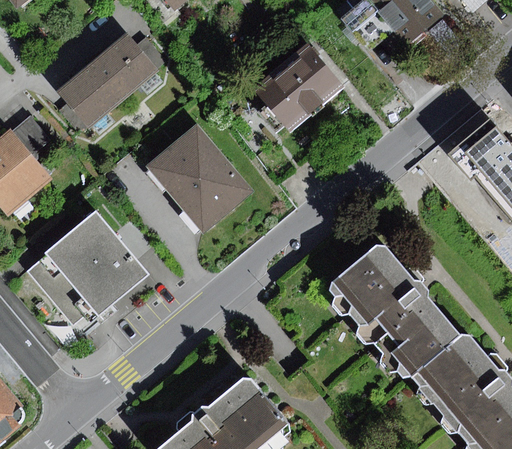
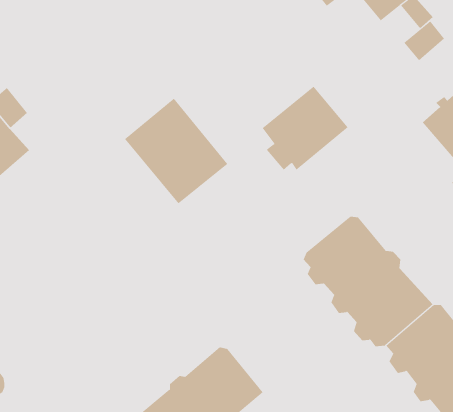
building: [55,33,157,128] -> none
building: [254,45,342,131] -> [262,86,348,171]
building: none -> [404,20,445,61]
building: [27,214,147,325] -> none

